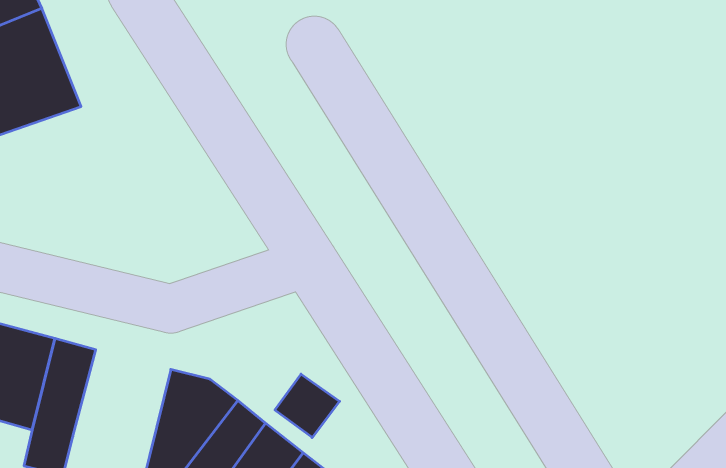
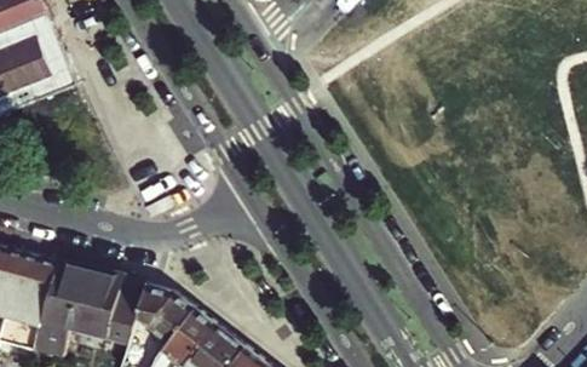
building: none -> [70,270,143,349]
building: [275,374,340,438] -> none

